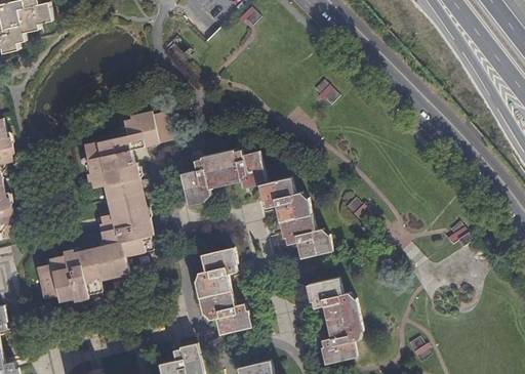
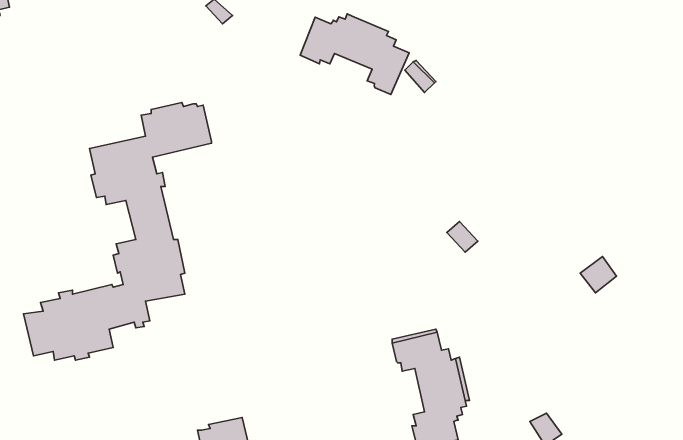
building: none -> [300,14,409,94]
building: [178,150,331,256] -> none
building: [194,245,249,335] -> none

